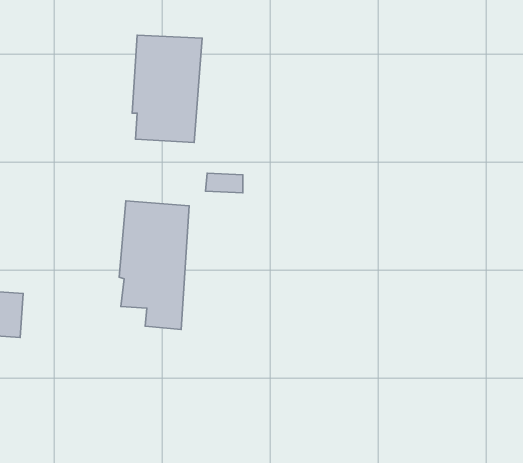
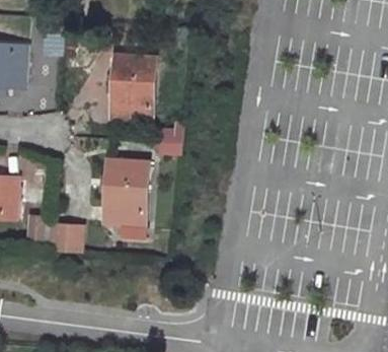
building: none -> [51,224,82,253]

